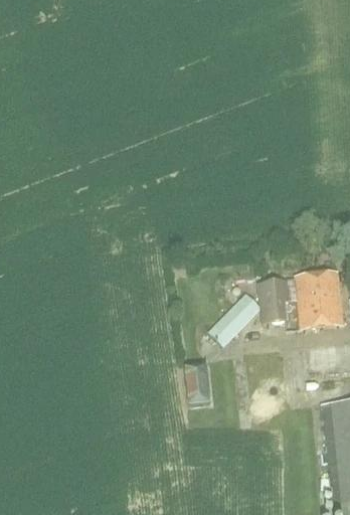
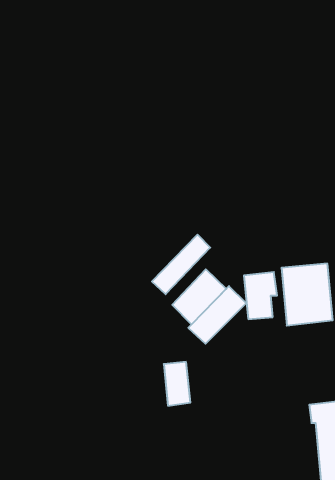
building: none -> [152,235,210,294]
building: none -> [172,269,226,324]

